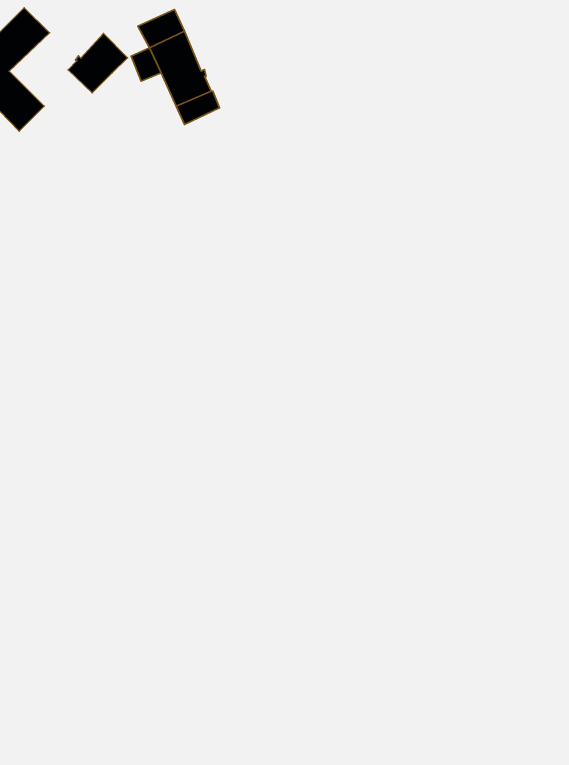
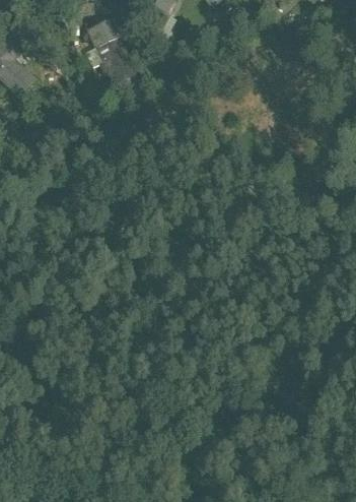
building: [68,34,127,93] -> none

